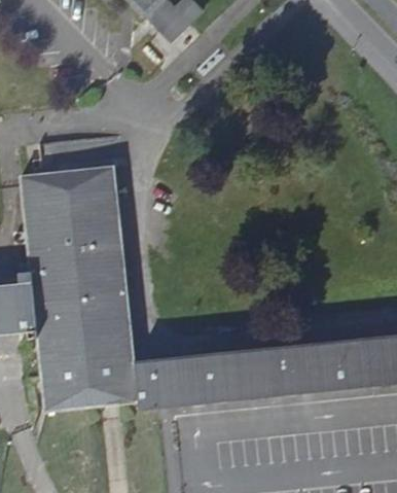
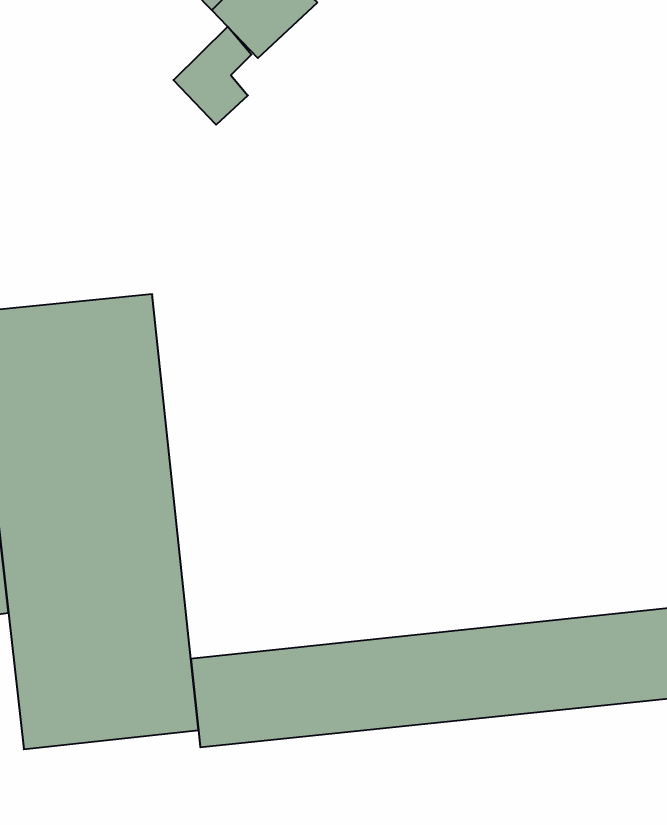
building: none -> [173,27,252,125]

